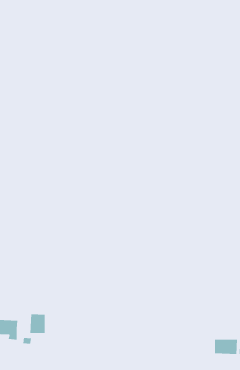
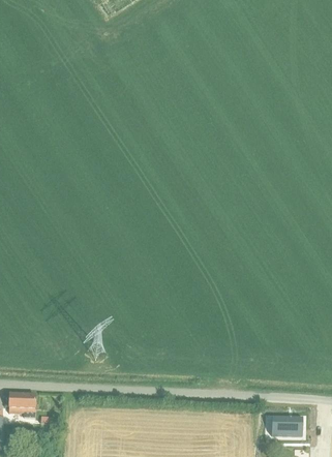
building: [30,314,45,334] -> none

